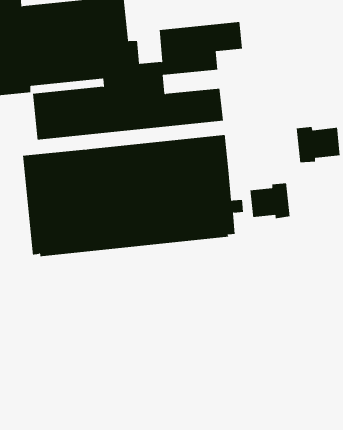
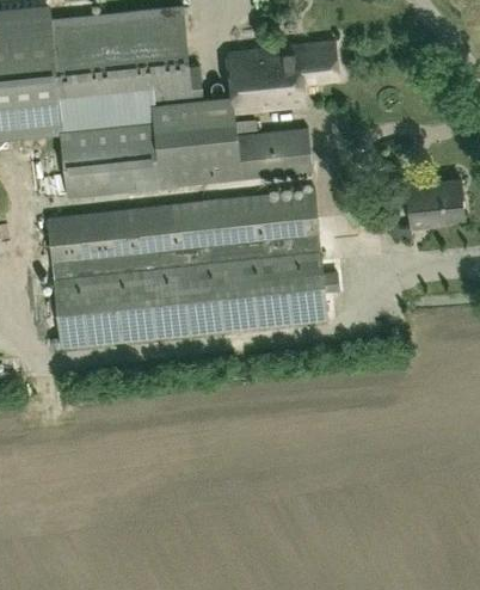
building: [250,182,290,219] -> none

